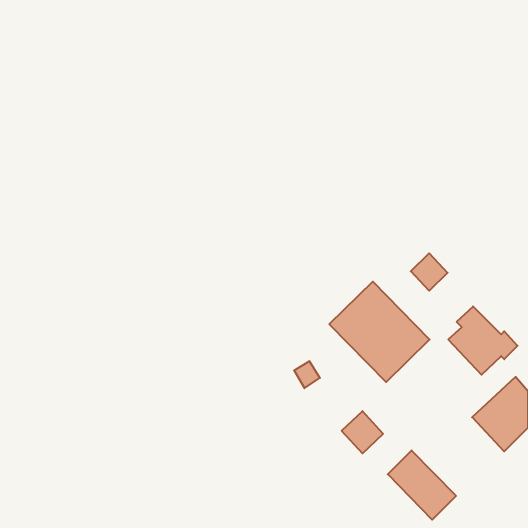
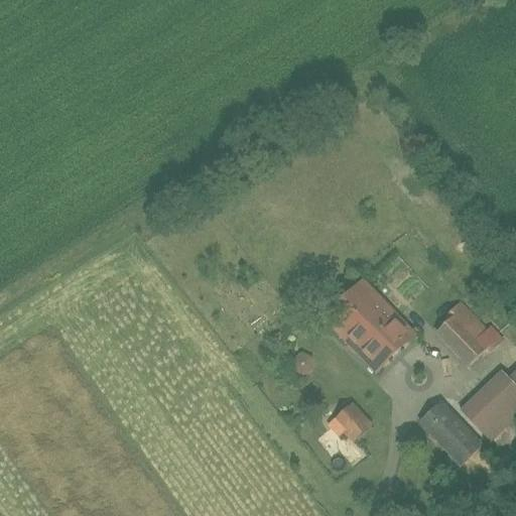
building: [411,253,448,291] -> none
building: [388,450,456,520] -> [417,398,484,466]

